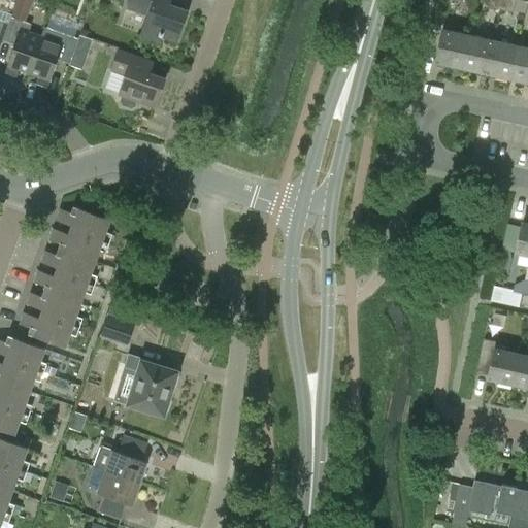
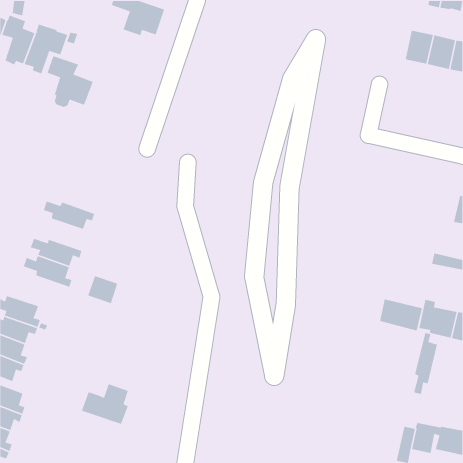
building: [434,29,467,69] -> none
building: [110,50,164,109] -> [46,55,94,108]
building: [56,206,111,243] -> none
building: [41,250,97,286] -> none
building: [20,312,79,348] -> none
building: none -> [379,299,423,332]
building: [123,354,176,416] -> none
building: none -> [413,332,438,395]
building: [97,472,138,519] -> none

